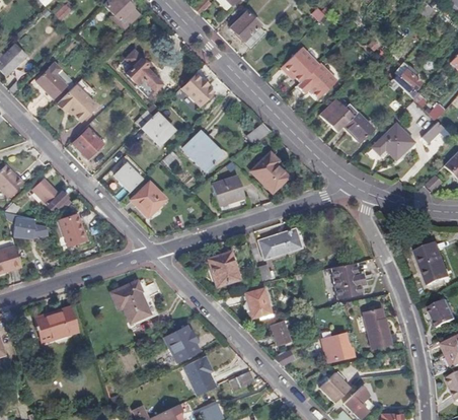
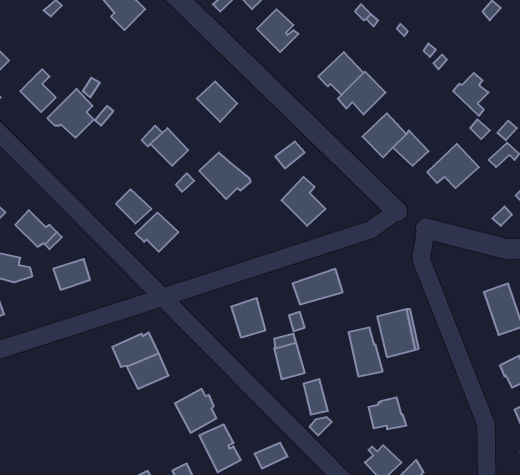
building: [126,49,161,95] -> none
building: [74,127,104,156] -> none
building: [212,176,245,205] -> none
building: [33,305,75,343] -> none
building: [364,308,392,349] -> [348,327,383,376]

